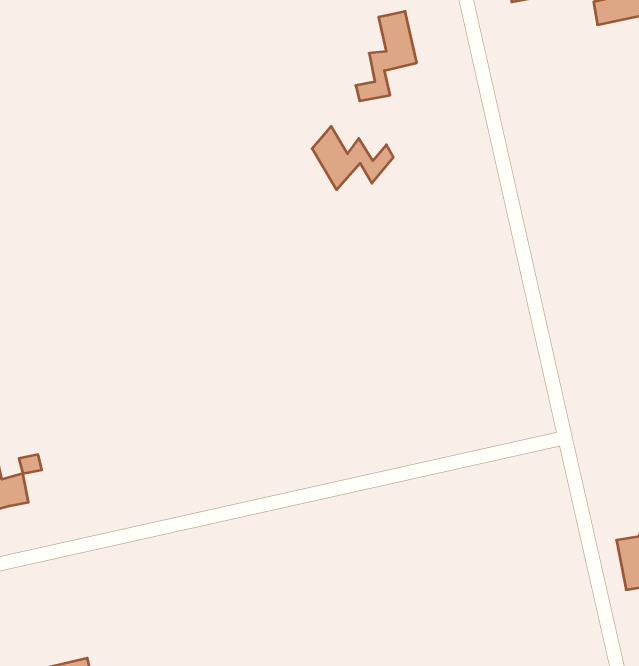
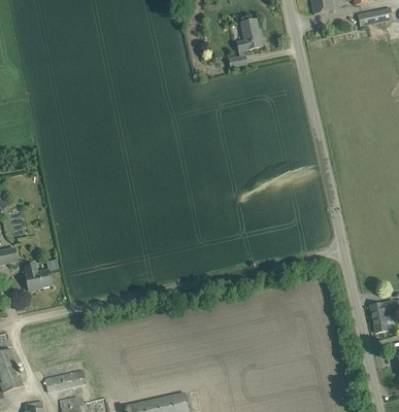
building: [312,126,393,190] -> none

